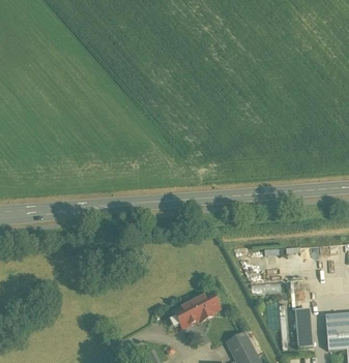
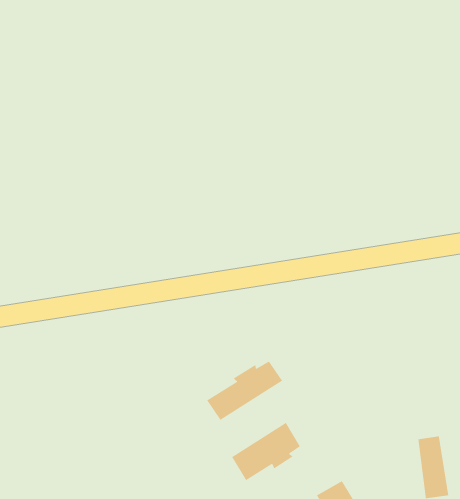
building: none -> [206,360,283,421]

